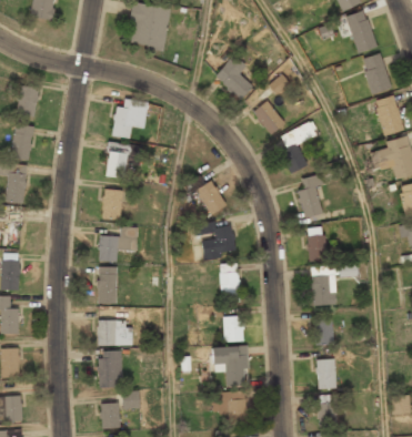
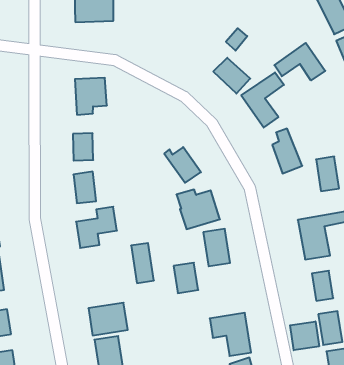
building: [213,54,254,101] -> none
building: none -> [274,43,325,80]
building: [307,230,324,261] -> [316,157,339,191]
building: [99,266,115,303] -> [131,243,154,283]
building: [223,316,243,343] -> [174,263,198,293]
building: none -> [290,321,319,350]

